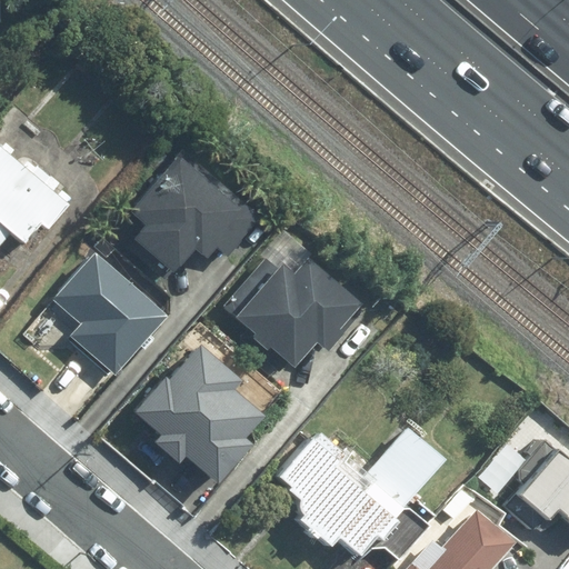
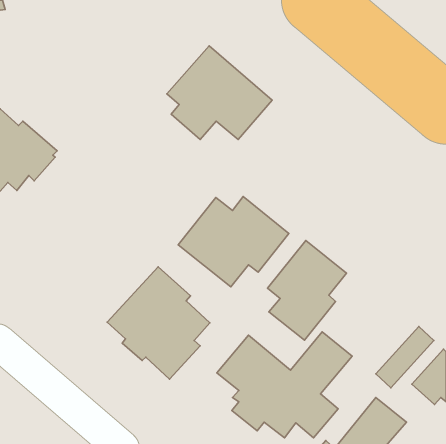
building: [128,151,261,270] -> [167,46,272,140]
building: [50,250,164,375] -> none
building: none -> [267,240,346,340]

